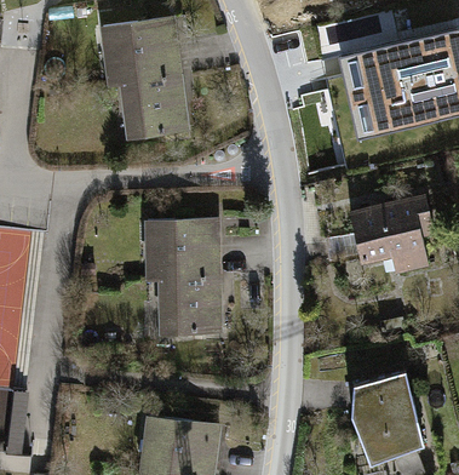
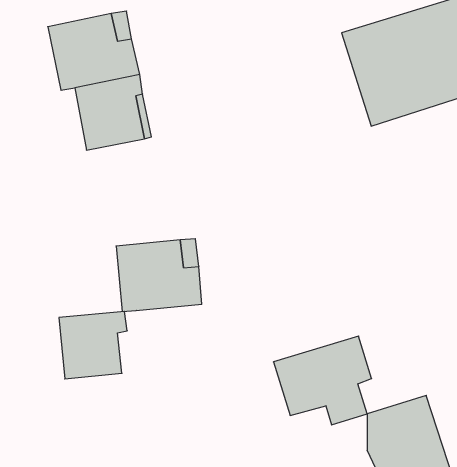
building: [350,196,434,271] -> [273,336,372,425]
building: [161,277,219,332] -> [59,311,127,379]

